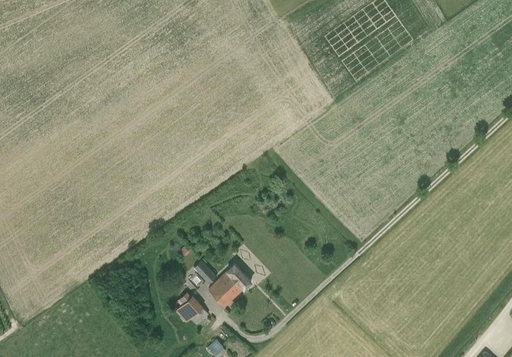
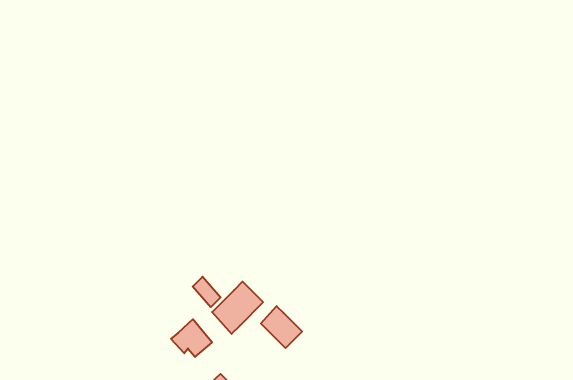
building: none -> [261,306,302,348]

